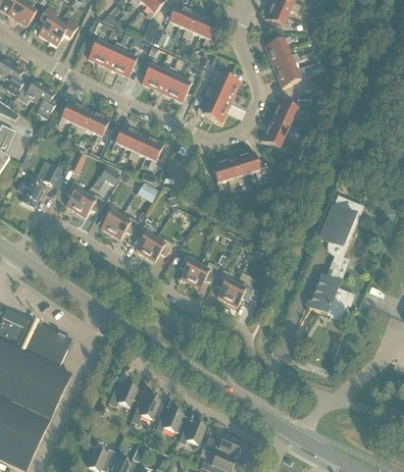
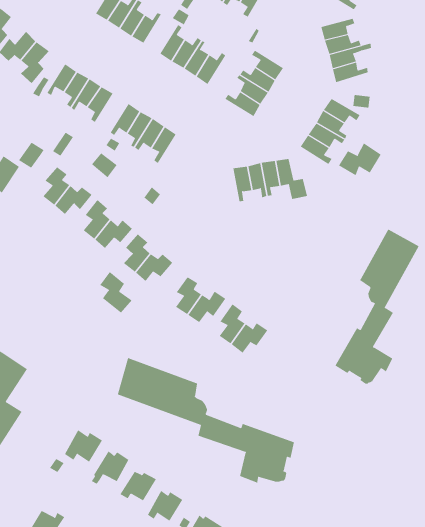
building: none -> [338,142,381,176]
building: none -> [100,271,133,313]
building: none -> [117,356,295,484]

